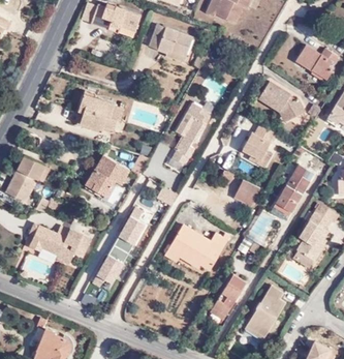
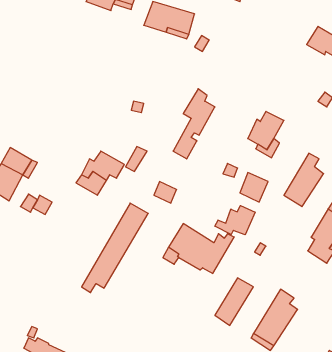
building: [260,80,304,117] -> none
building: [80,92,125,131] -> none
building: none -> [215,206,255,235]
building: [30,225,93,264] -> none

